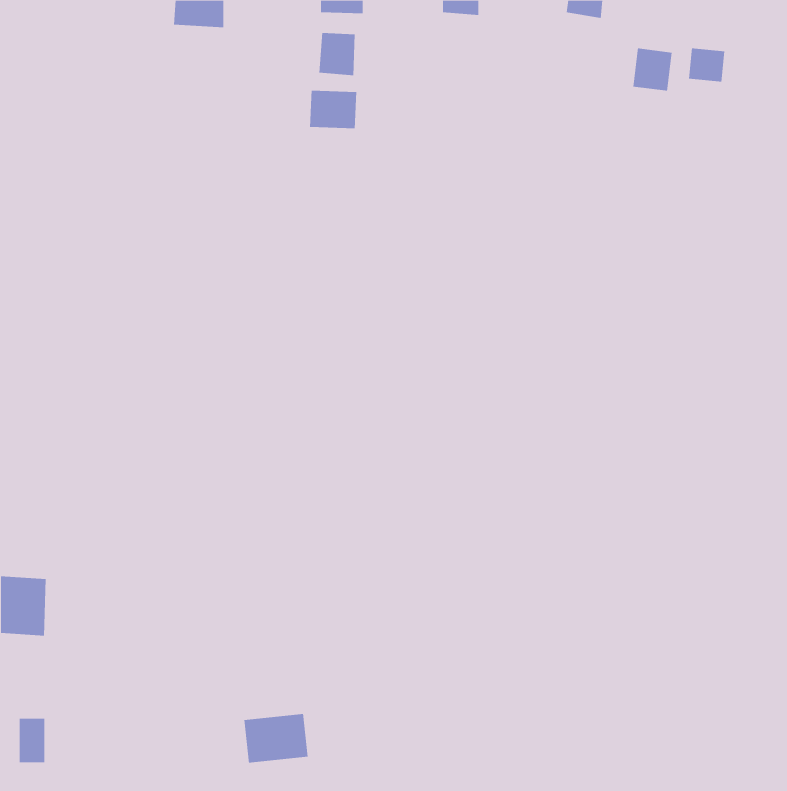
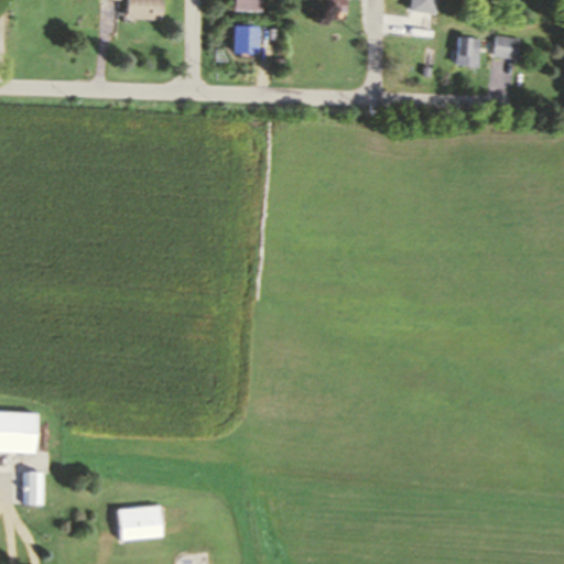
building: [309,90,357,129] -> none
building: [243,714,308,763] -> [119,506,165,541]
building: [19,718,45,763] -> [25,471,44,503]

